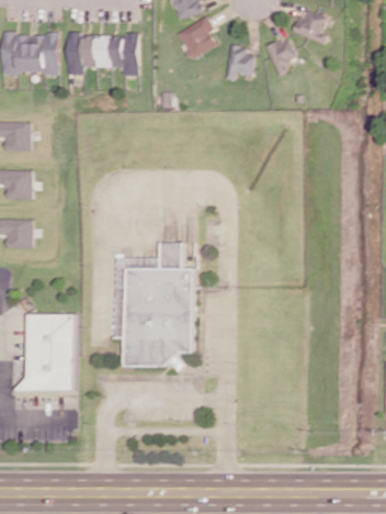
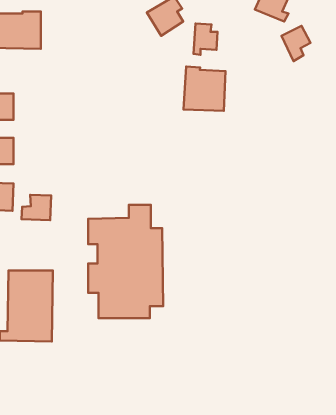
building: [69,32,139,76] -> none
building: [265,37,297,76] -> [281,26,311,61]
building: none -> [184,66,225,111]
building: none -> [22,195,51,220]

